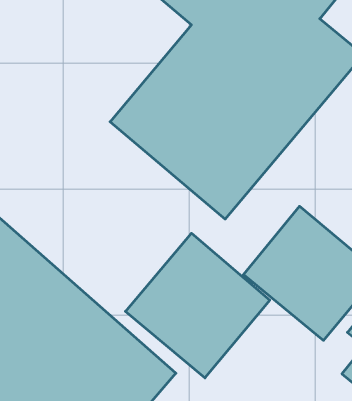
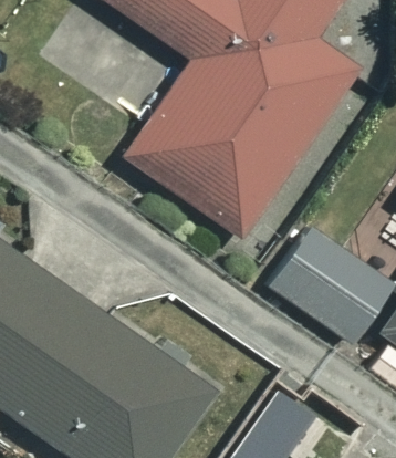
building: [125,233,270,378] -> none

